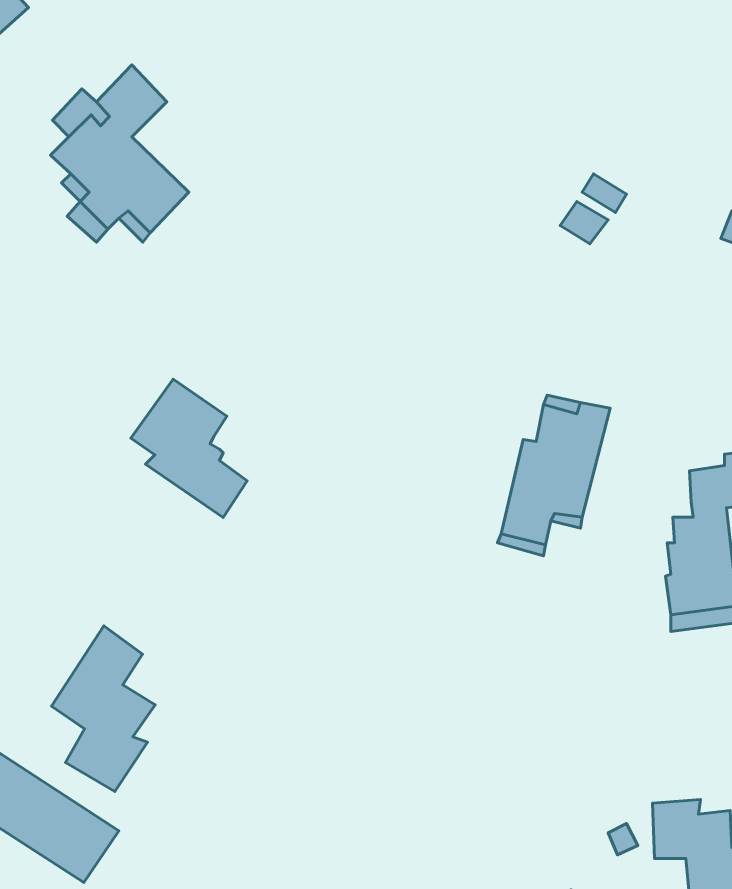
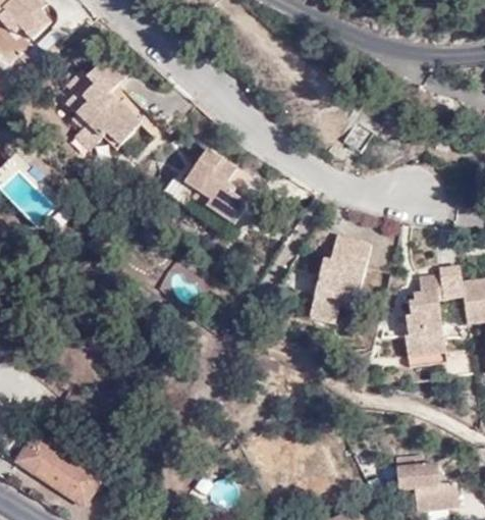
building: [131,379,247,518] -> [185,150,250,226]
building: [51,626,155,792] -> none

